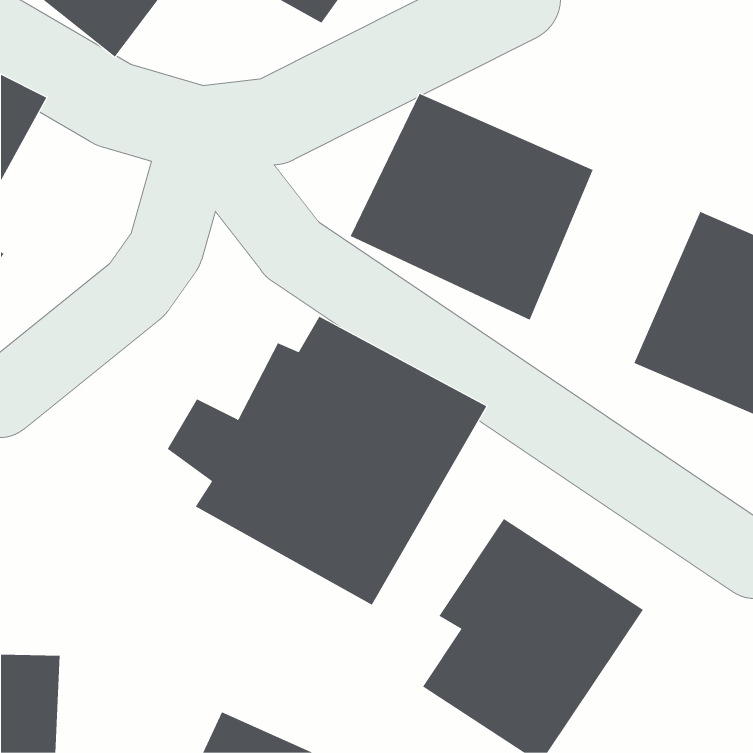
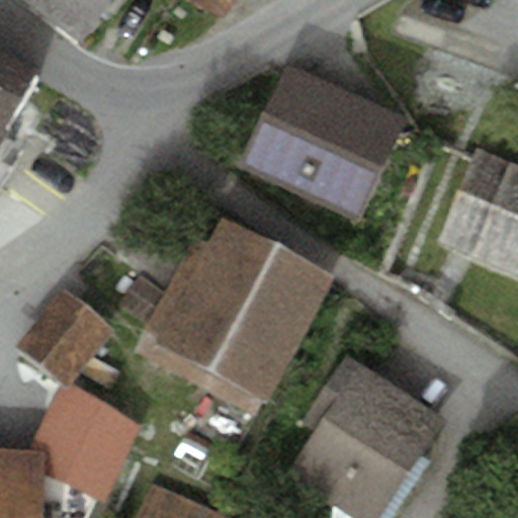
building: none -> [18,290,110,383]
building: none -> [77,403,144,496]

